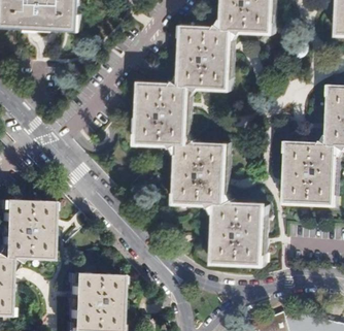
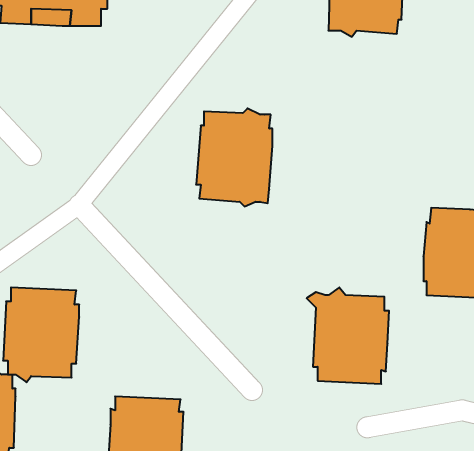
building: [177,25,229,90] -> none
building: [169,140,228,207] -> none

